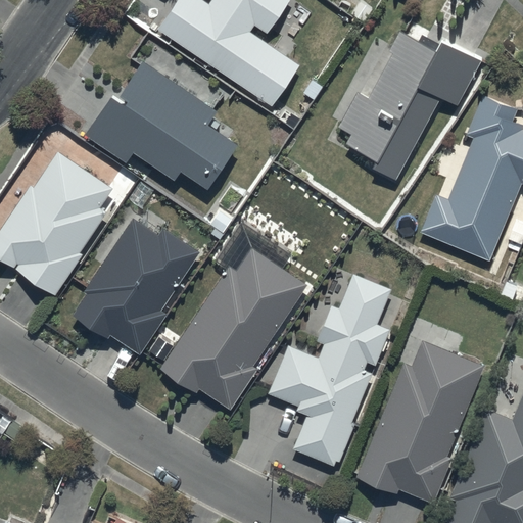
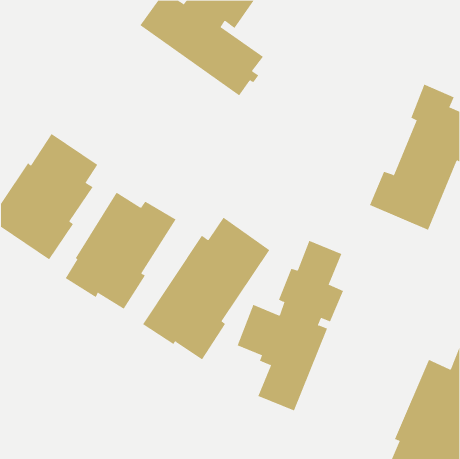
building: [337,21,483,181] -> none
building: [87,61,240,190] -> none
building: [353,340,482,504] -> none

